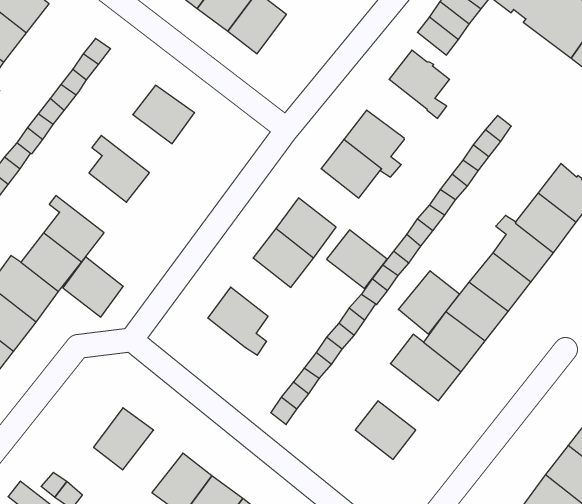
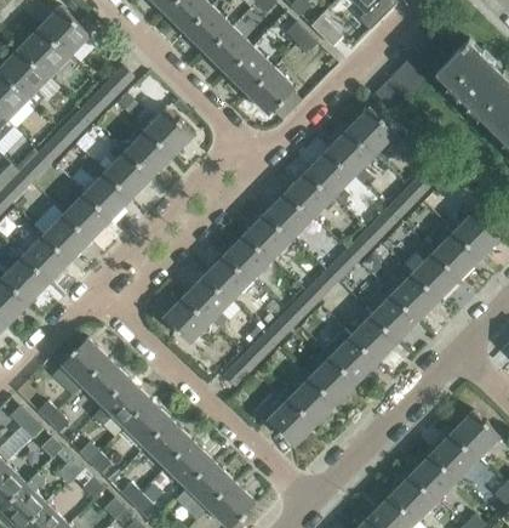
building: none -> [247,67,294,115]
building: none -> [327,127,374,183]
building: none -> [125,130,172,177]
building: [327,230,387,289] -> [265,191,313,238]
building: [63,257,123,317] -> [84,171,131,220]
building: none -> [204,254,251,301]
building: [398,271,460,334] -> none
building: none -> [162,296,210,344]
building: none -> [308,357,355,404]
building: none -> [59,337,108,386]
building: none -> [267,398,314,447]
building: none -> [91,379,150,427]

